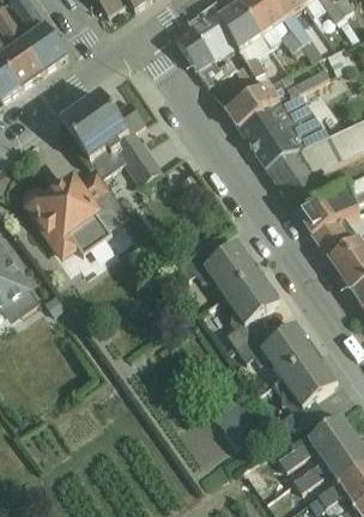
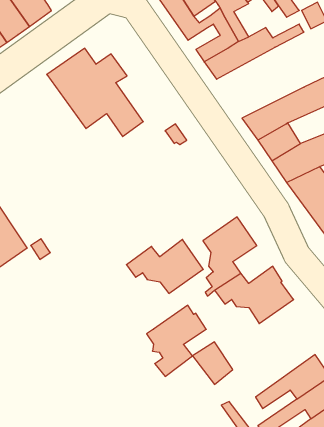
building: [239,93,330,168] -> none
building: [24,172,128,261] -> none
building: [181,239,261,296] -> [126,239,203,293]
building: [277,357,339,431] -> [147,305,206,376]

